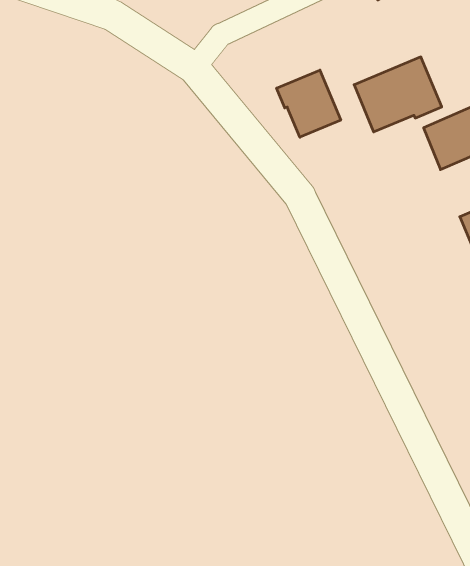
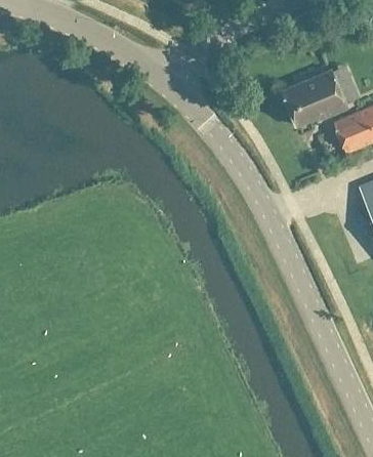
building: [277,70,341,137] -> none

